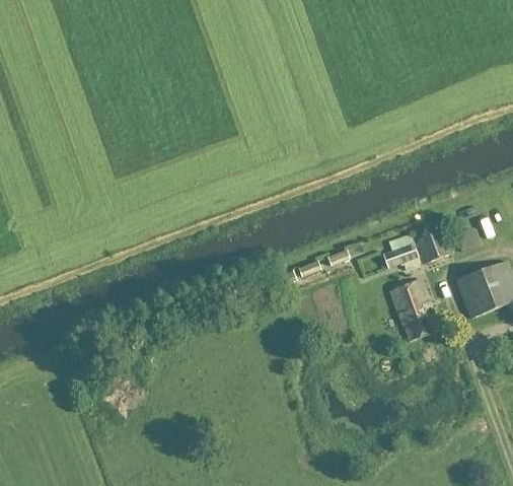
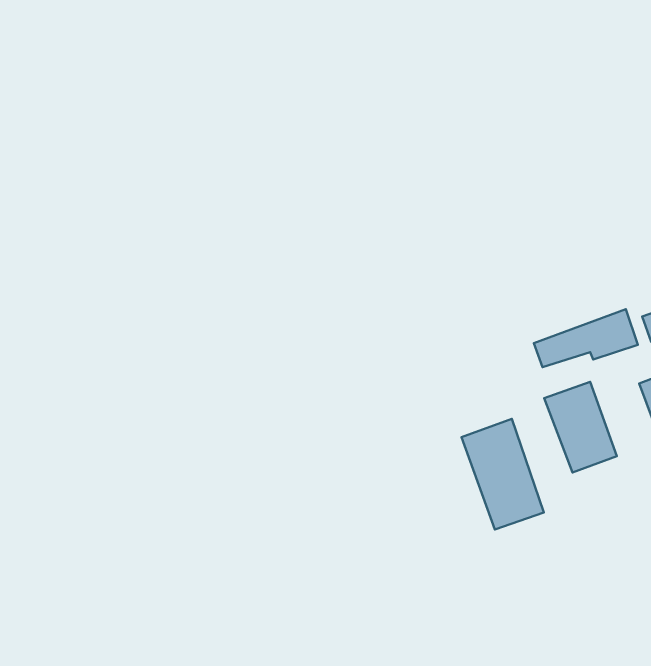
building: none -> [462,419,544,530]

